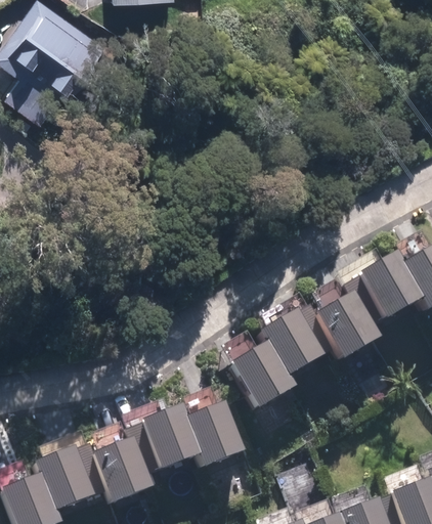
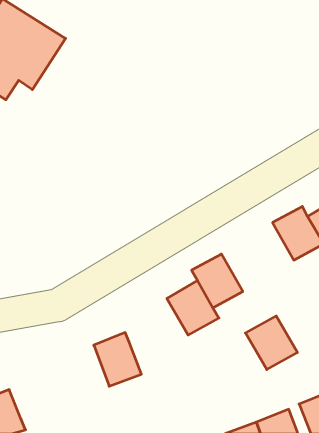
building: [317,291,380,355] -> [245,316,297,370]
building: [187,400,244,462] -> none
building: [93,434,154,498] -> none
building: [38,443,95,507] -> none

